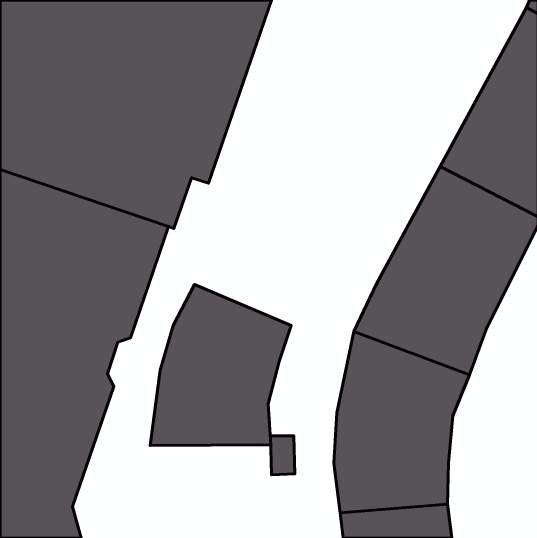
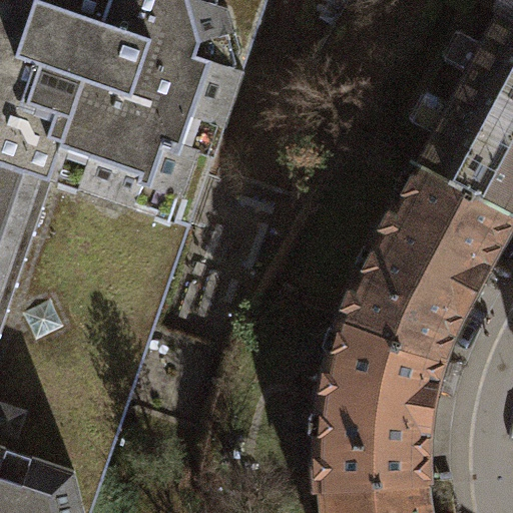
building: [150,285,291,446] -> none

